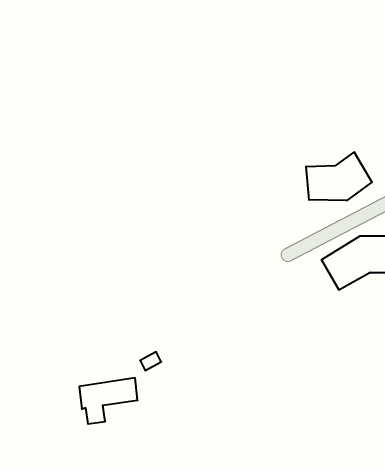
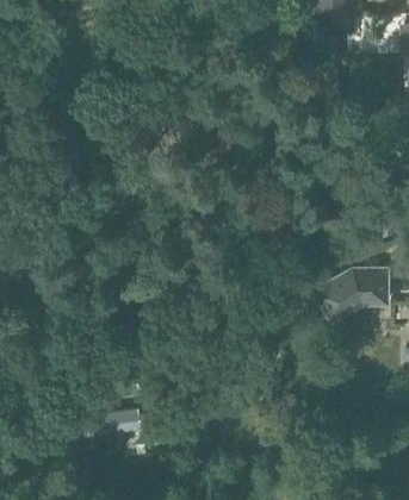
building: [306,152,372,201] -> none

